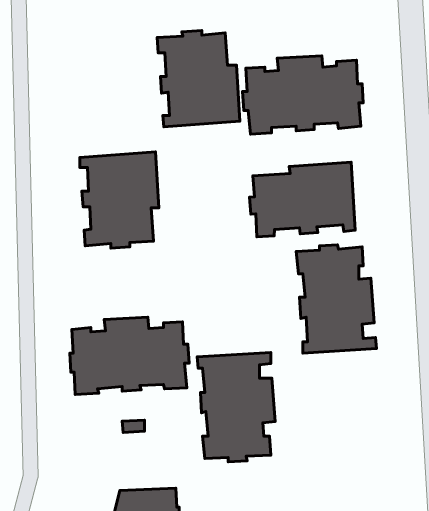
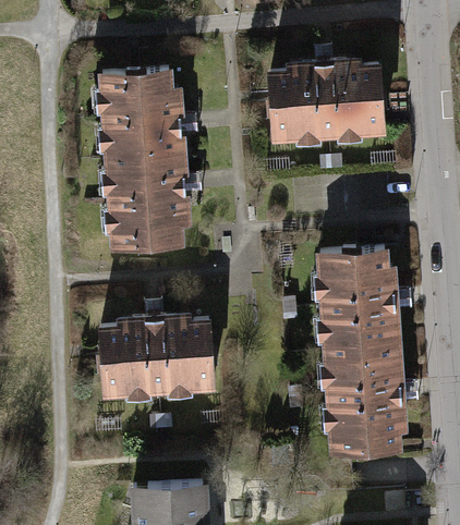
building: [157,31,240,127] -> [101,69,182,162]
building: [250,162,355,237] -> none
building: [197,352,275,462] -> [326,349,402,455]

